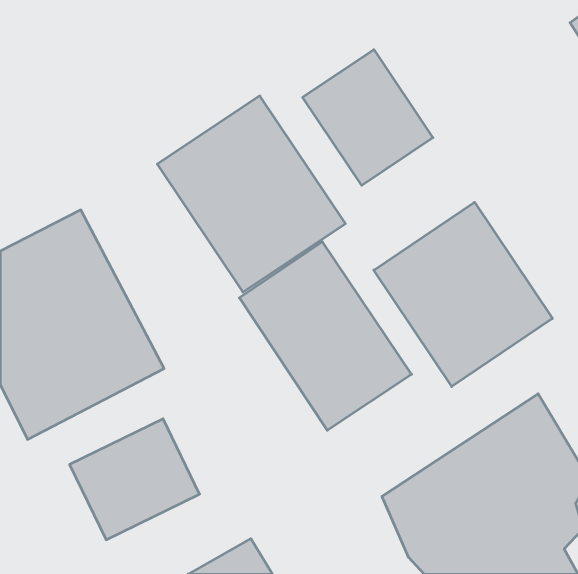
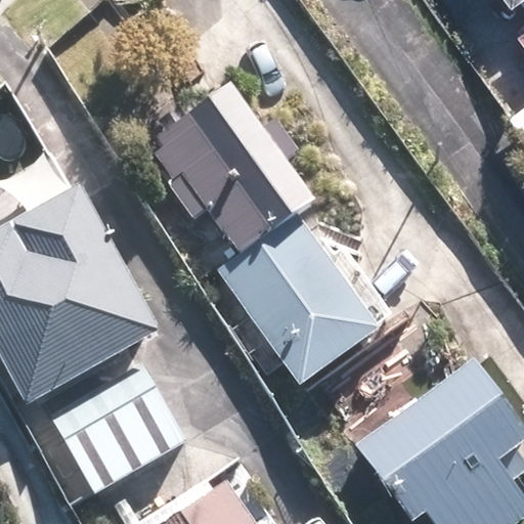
building: [303,50,433,185] -> none
building: [374,202,552,387] -> none

